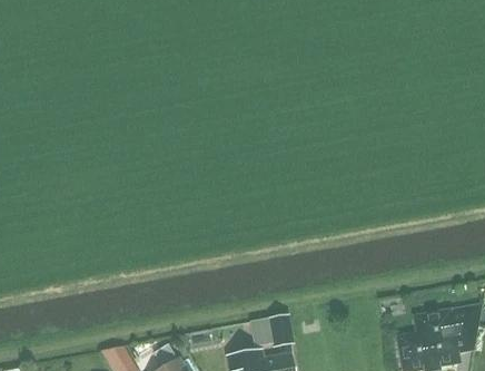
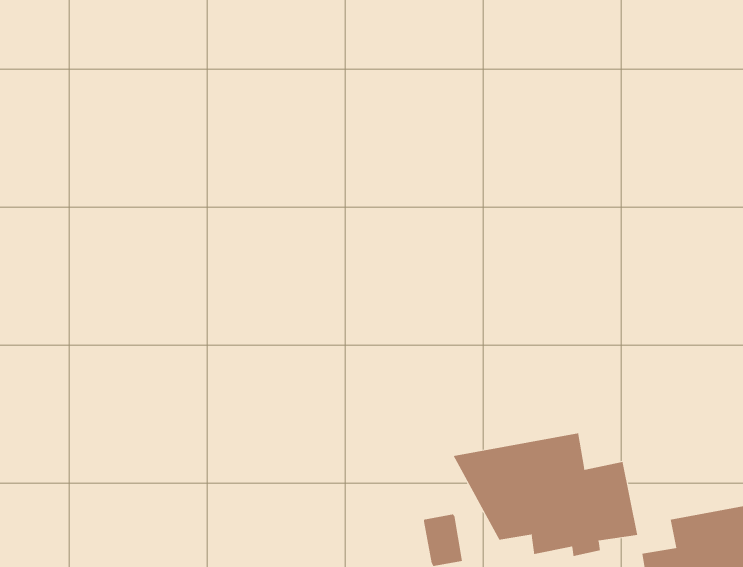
building: none -> [453,433,638,557]

